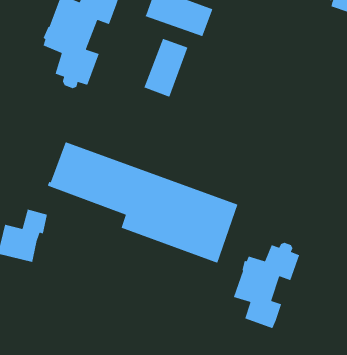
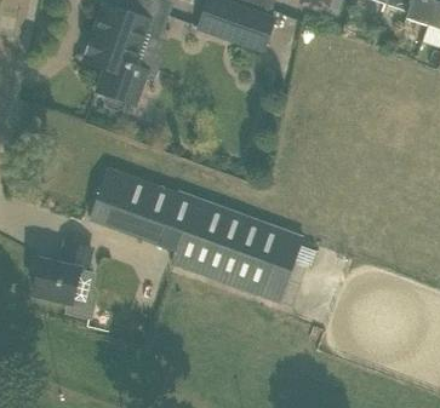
building: [143,38,189,98] -> none
building: [233,242,300,329] -> none

